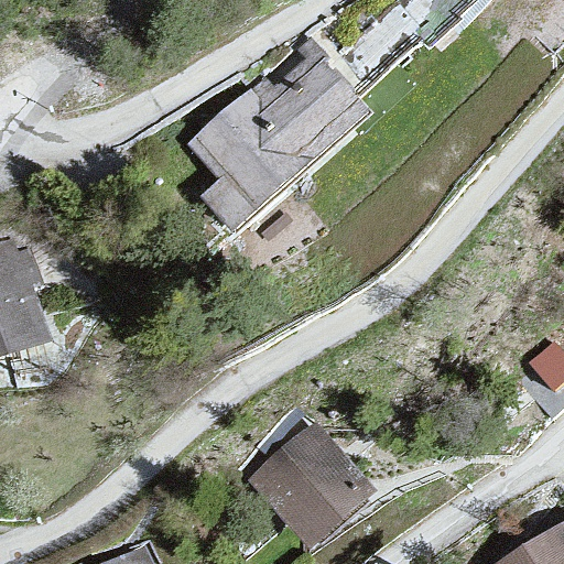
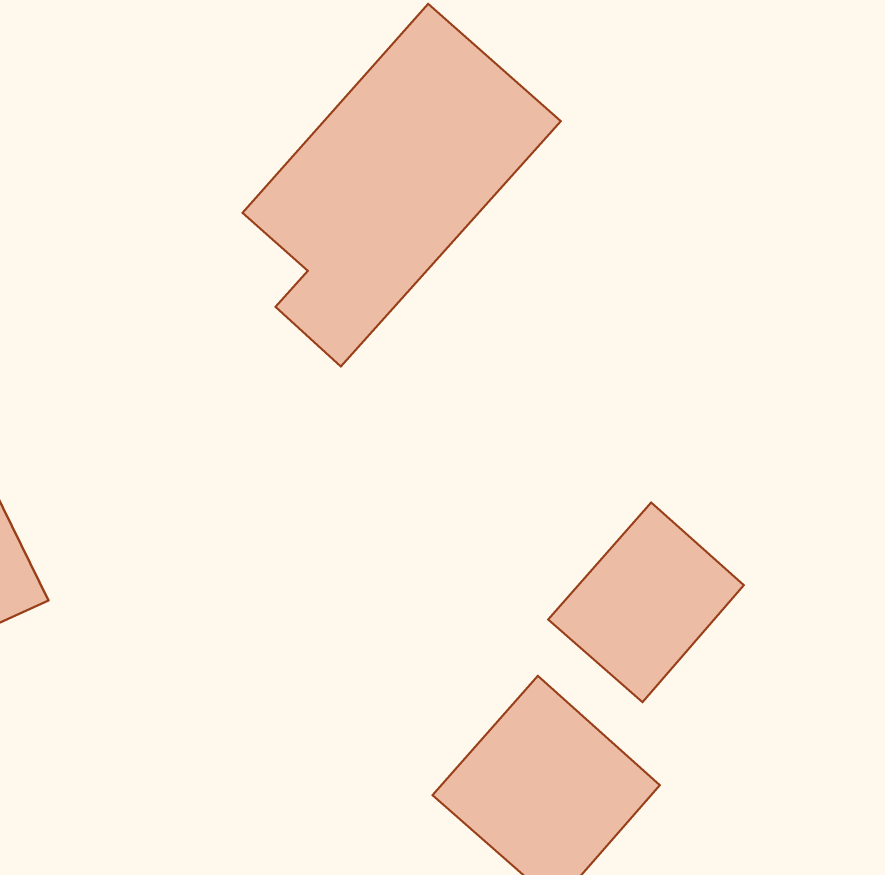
building: none -> [548,503,744,702]

